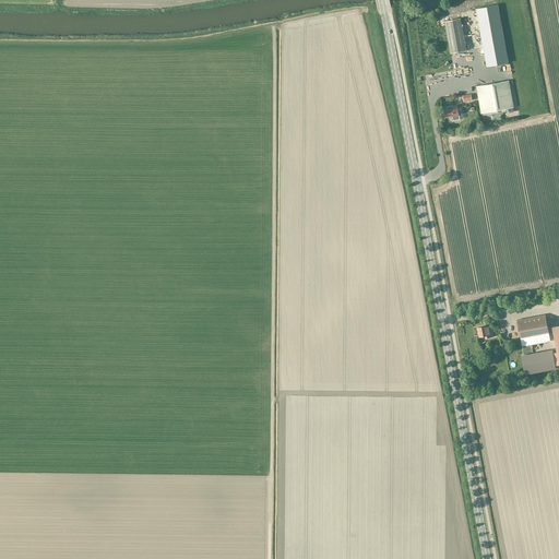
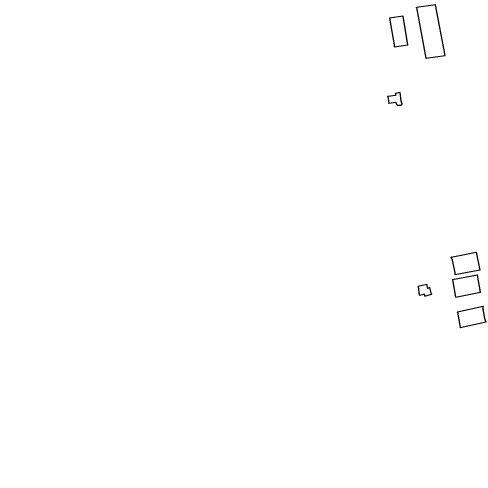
building: [476,81,513,114] -> none
building: none -> [451,252,480,275]

